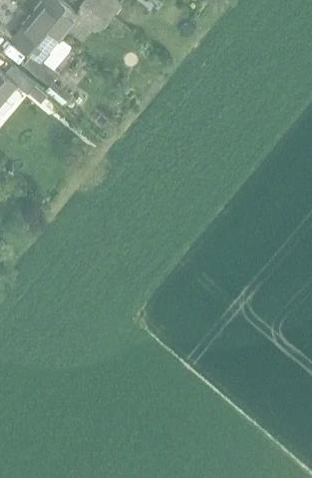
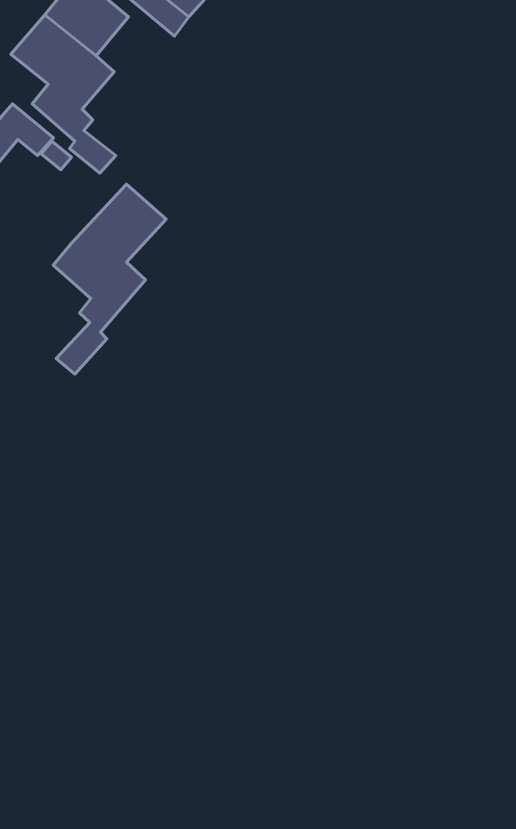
building: none -> [53,184,166,374]

